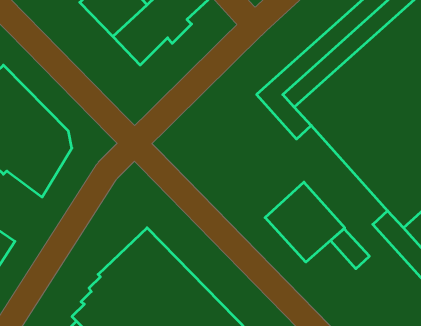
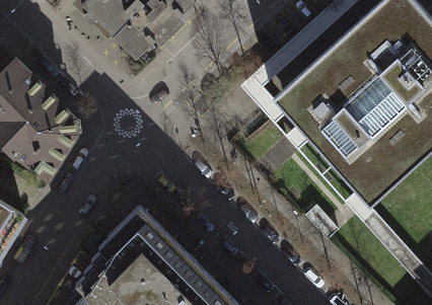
building: [265,182,345,262] -> none

